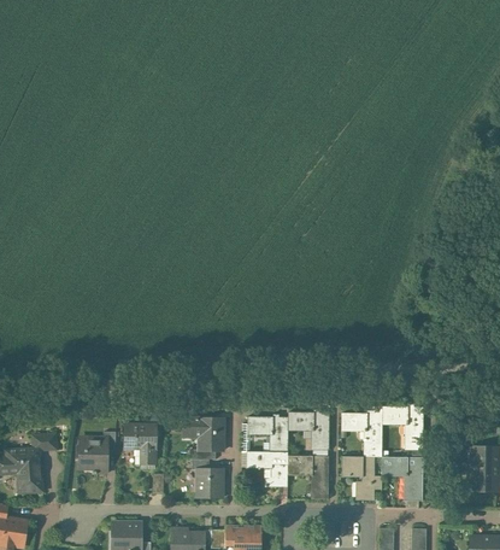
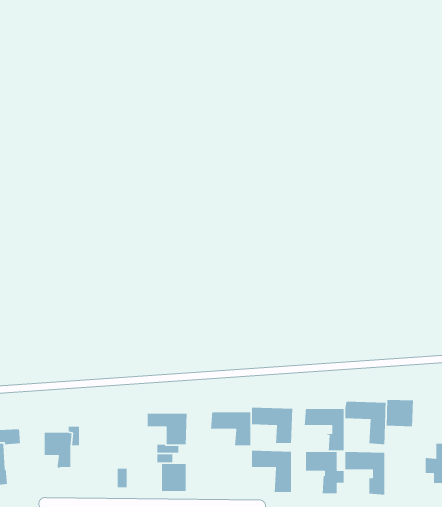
building: none -> [386,399,414,427]
building: [123,423,155,463] -> none
building: [246,451,287,486] -> none

